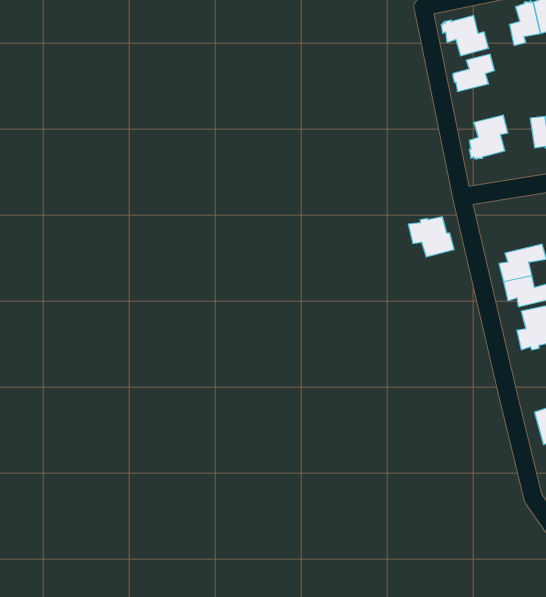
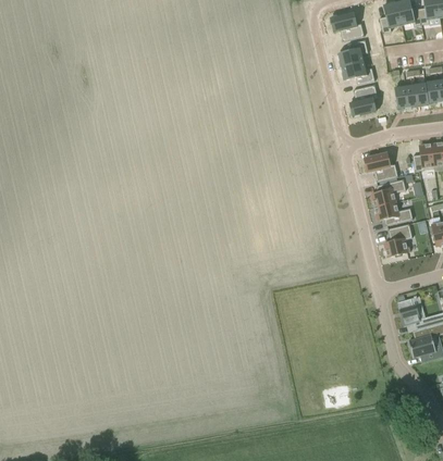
building: none -> [340,62,374,85]
building: [408,217,454,257] -> [364,152,397,182]

